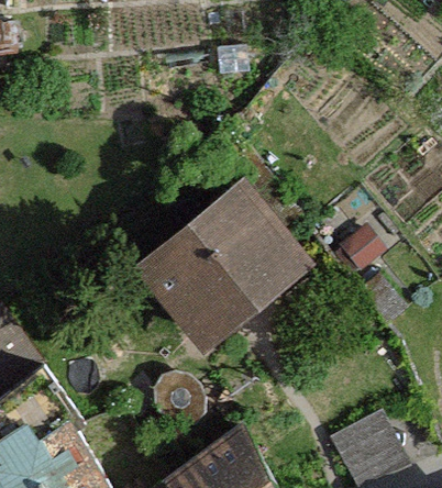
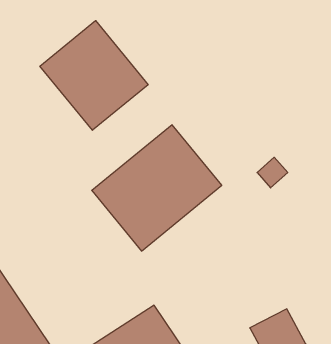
building: none -> [40,21,148,130]

